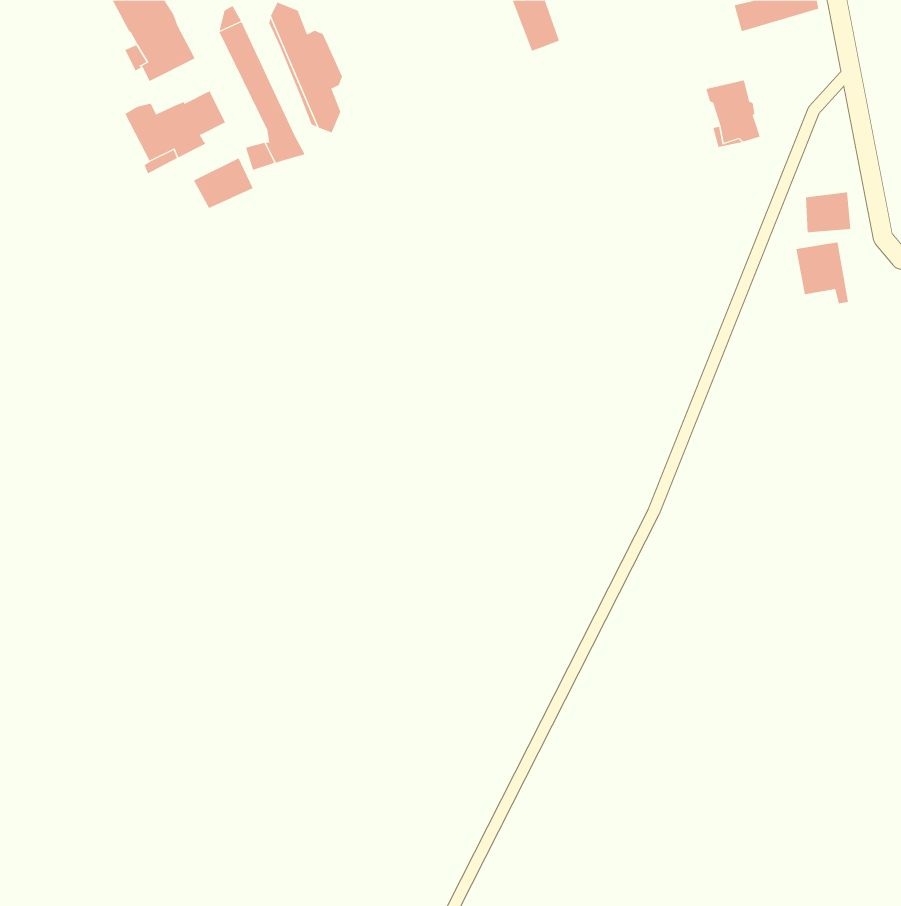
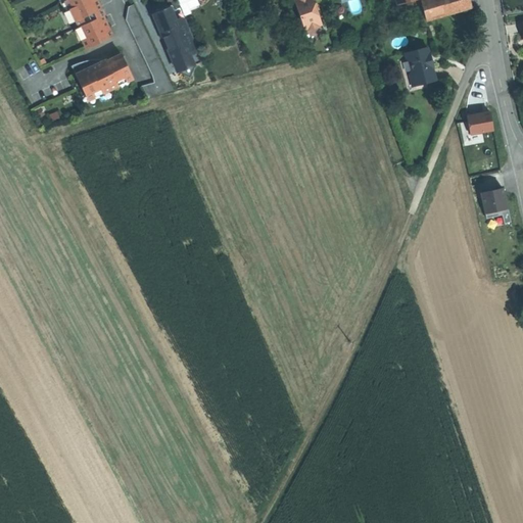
building: [193,157,254,209] -> none
building: [795,242,849,304] -> [476,188,507,224]

